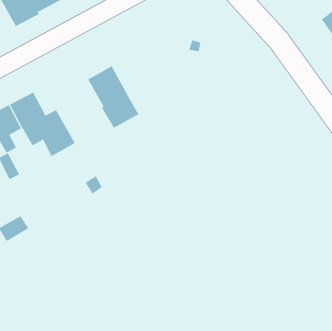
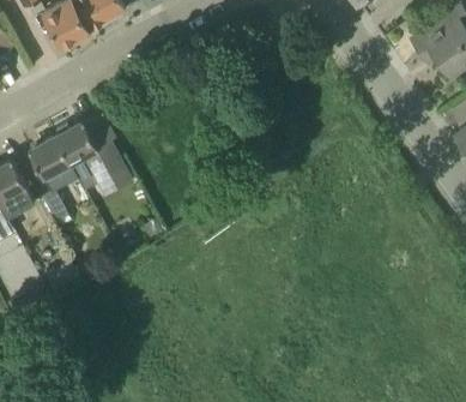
building: [87,65,139,128] -> none

